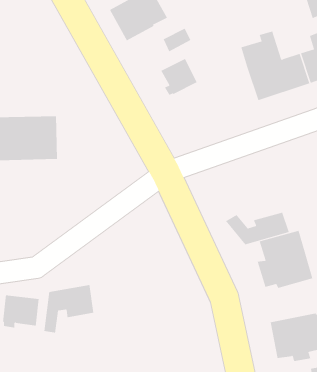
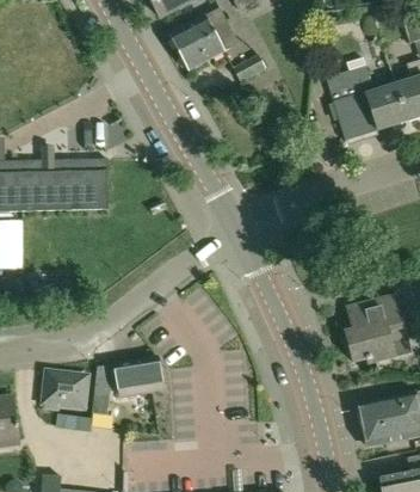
building: [161,58,198,96] -> none
building: [225,212,289,245] -> none

